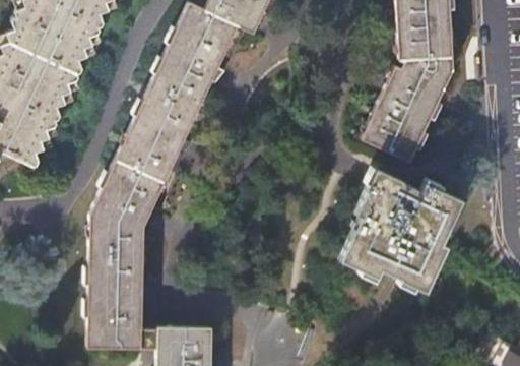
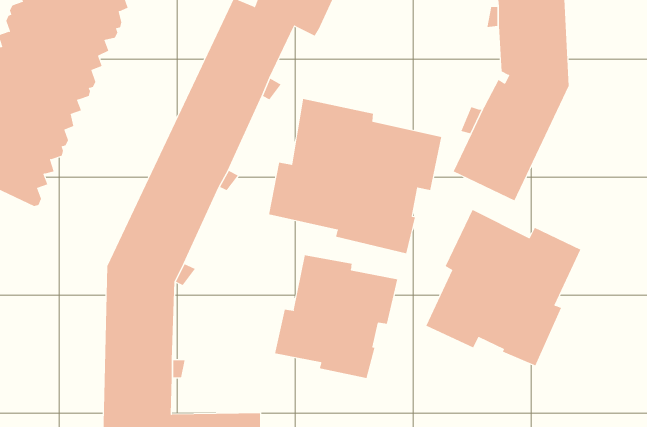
building: none -> [268,98,442,254]
building: none -> [274,255,398,379]

